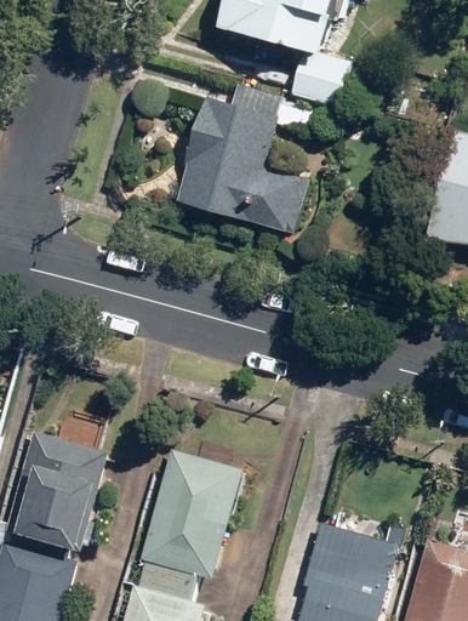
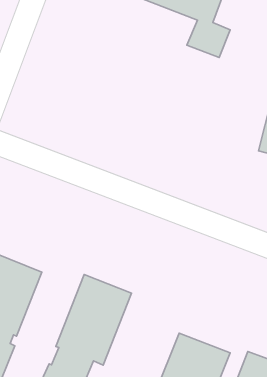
building: [177,84,312,235] -> none

